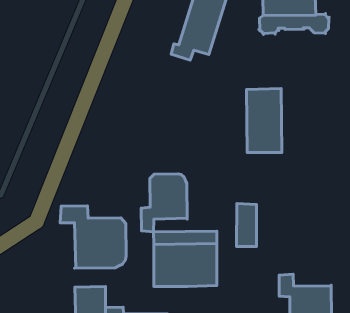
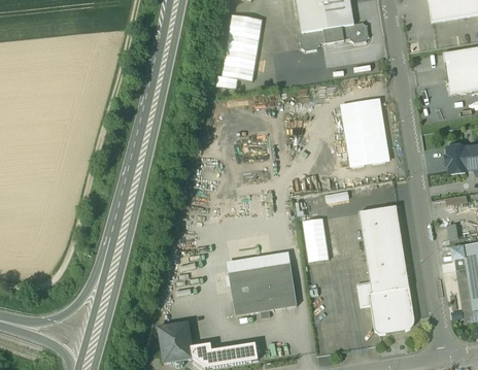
building: [246,88,282,152] -> [341,99,385,167]
building: [141,174,187,232] -> none
building: none -> [358,206,409,294]
building: [60,206,126,268] -> none

